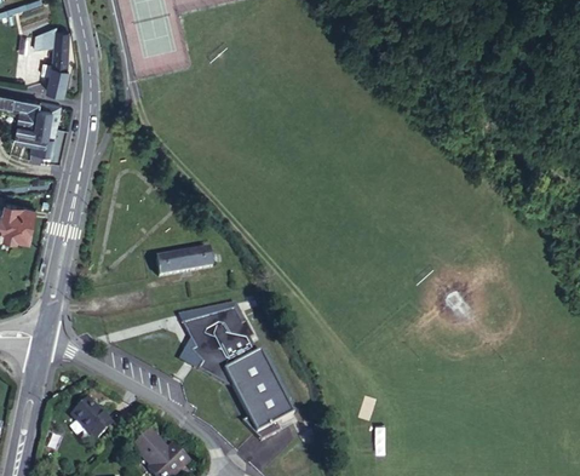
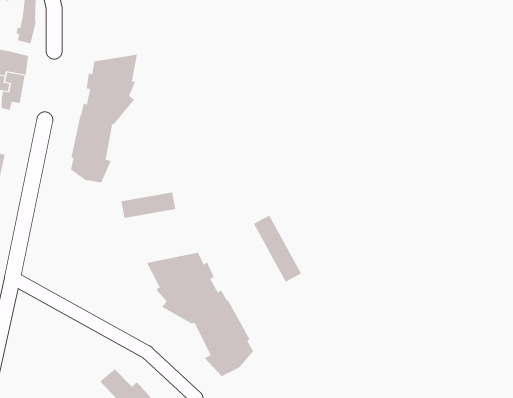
building: none -> [70,54,138,183]
building: none -> [253,215,302,282]
building: [69,398,110,440] -> none

